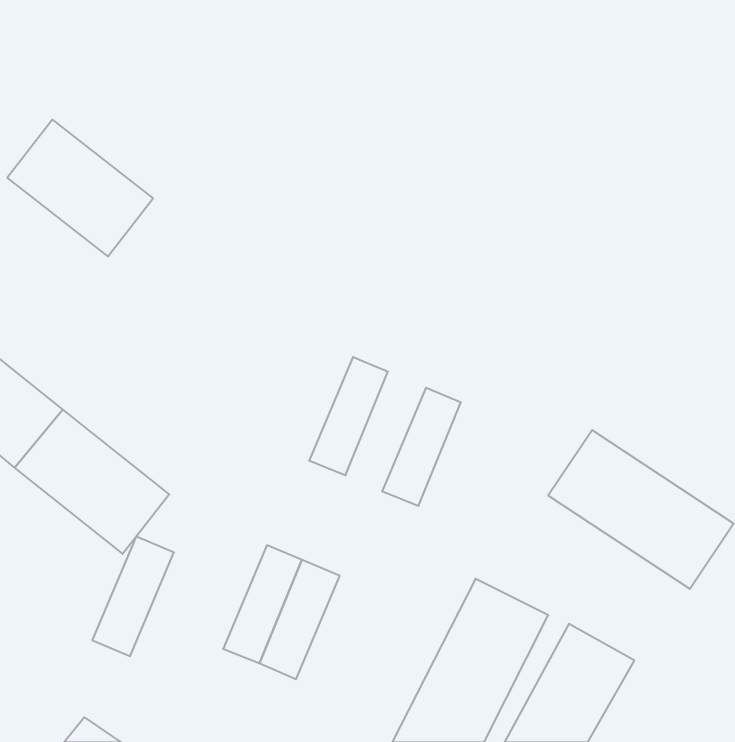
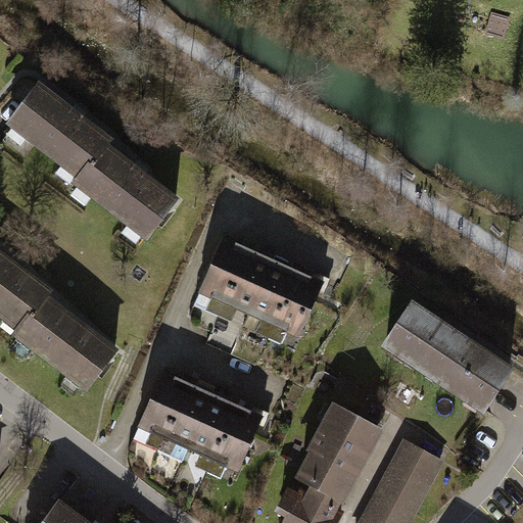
building: none -> [76,139,180,237]
building: none -> [190,239,247,323]
building: none -> [242,260,298,344]
building: [92,537,174,656] -> [130,371,187,455]
building: none -> [207,403,263,486]

